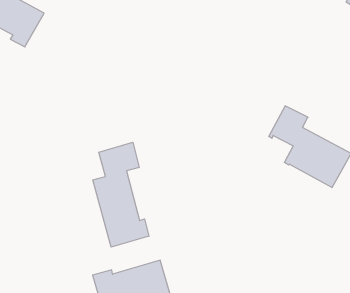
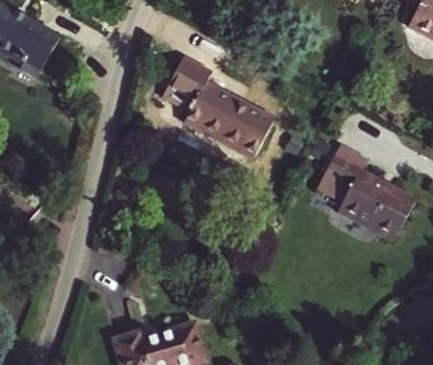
building: none -> [167,58,274,156]
building: [93,142,149,247] -> none

